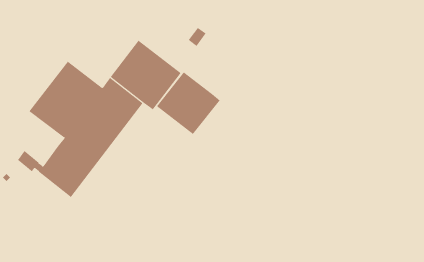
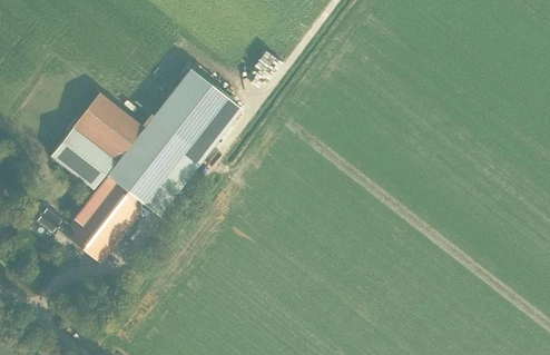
building: [156,72,220,135] -> none

